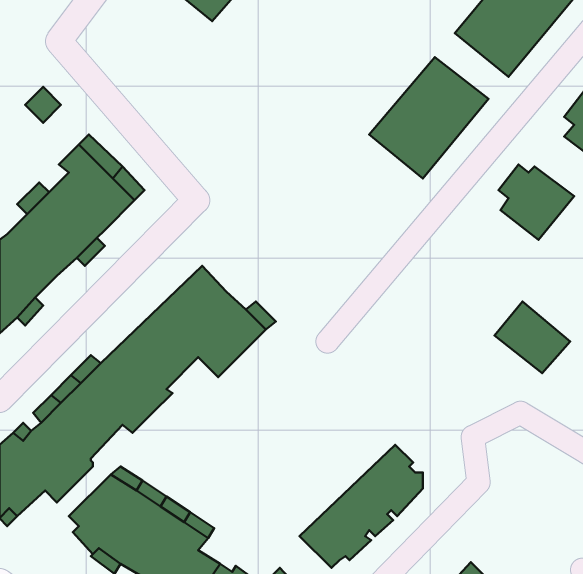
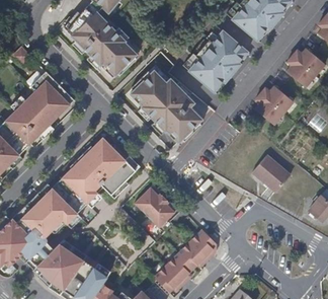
building: none -> [69,10,136,77]
building: none -> [127,67,202,143]
building: none -> [135,182,177,226]

